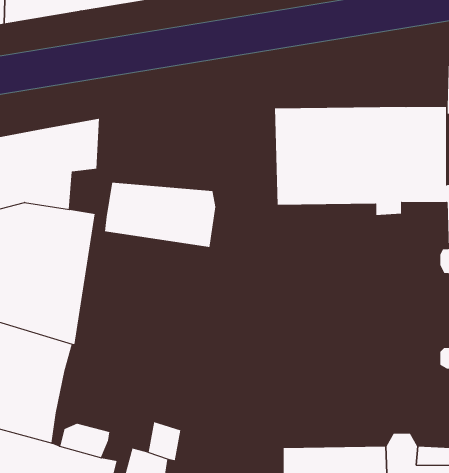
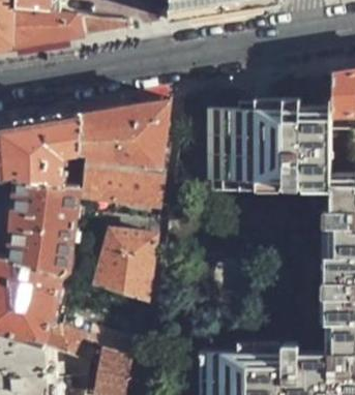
building: none -> [79,100,171,166]
building: none -> [95,229,155,301]

